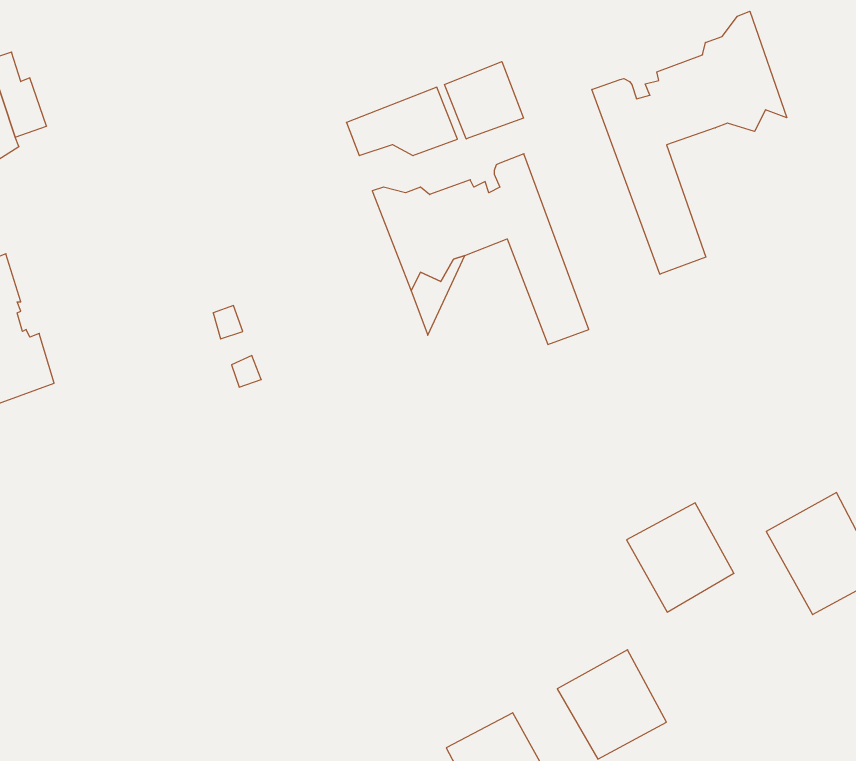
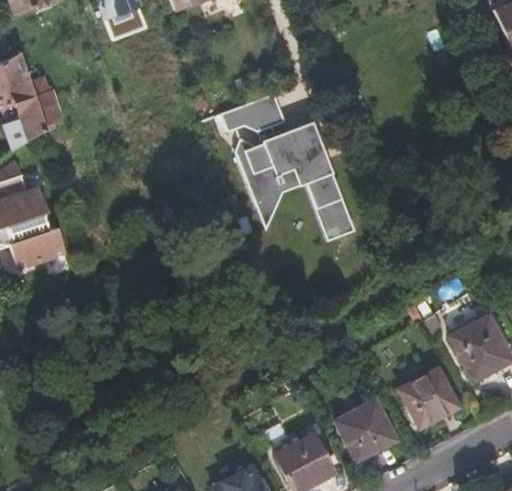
building: [592,11,787,274] -> none
building: [445,62,524,139] -> none
building: [627,503,734,612] -> [399,367,457,426]

